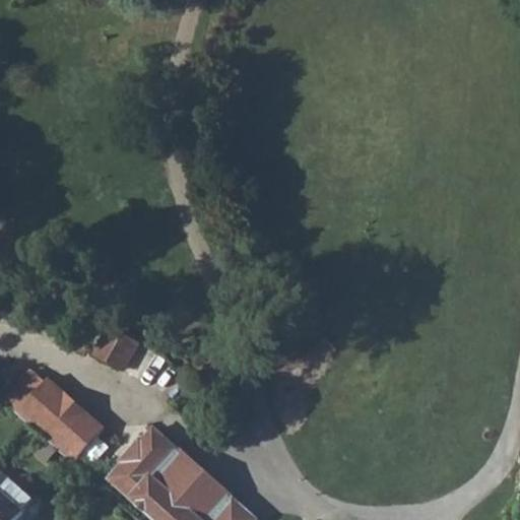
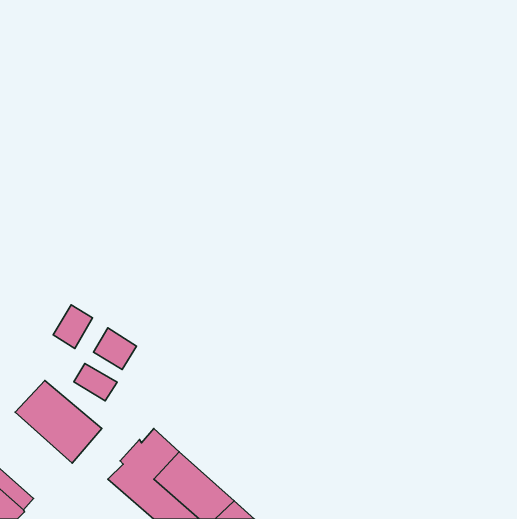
building: none -> [53,305,93,349]
building: none -> [74,363,117,401]

